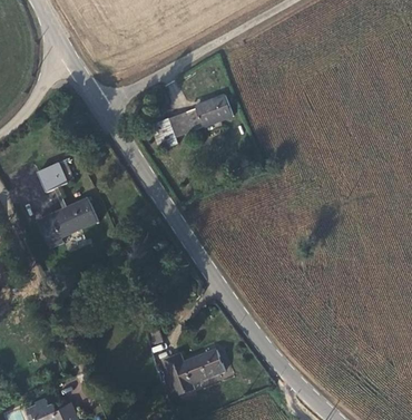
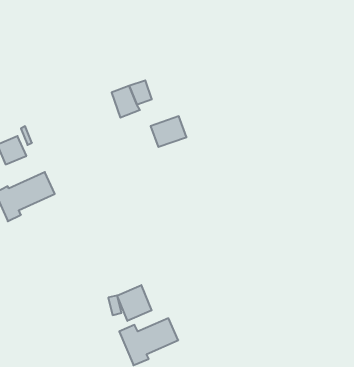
building: [199,90,236,121] -> [151,116,187,147]
building: none -> [117,285,152,321]

